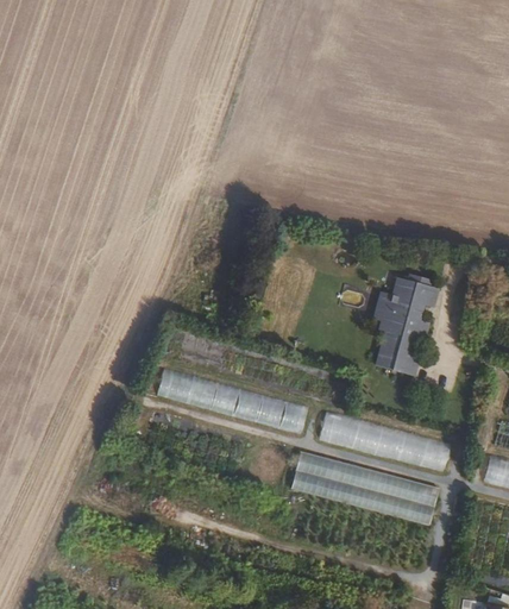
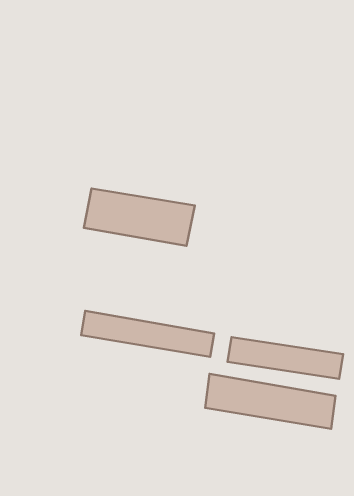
building: none -> [84,188,195,246]
building: [373,276,435,377] -> none

